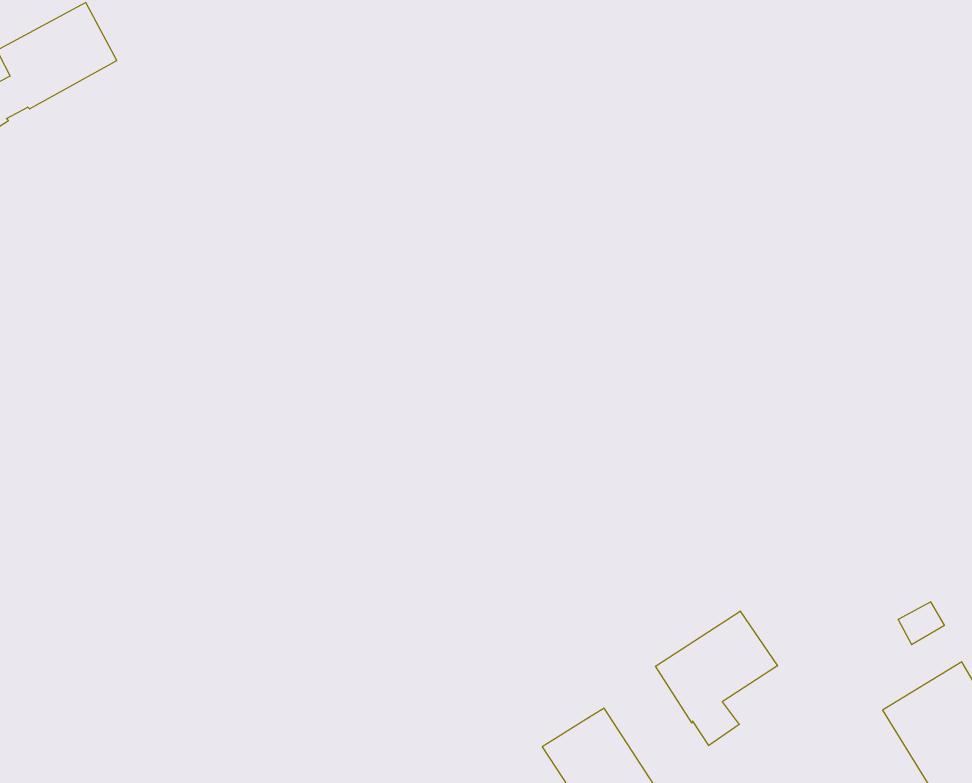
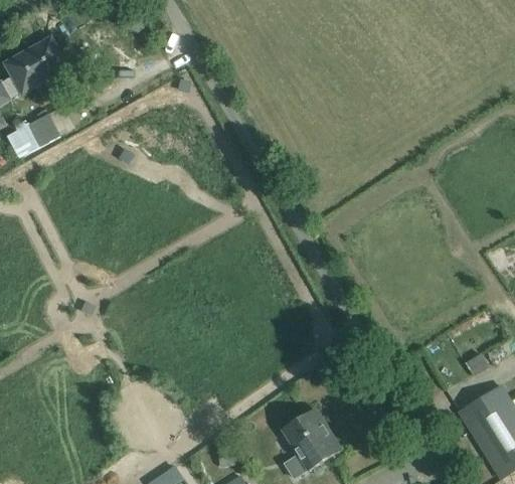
building: none -> [7,113,61,158]
building: [655,611,778,746] -> none

